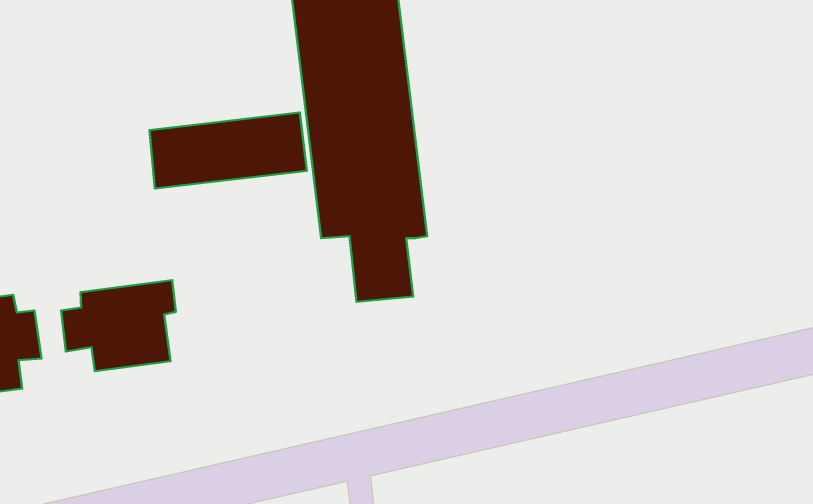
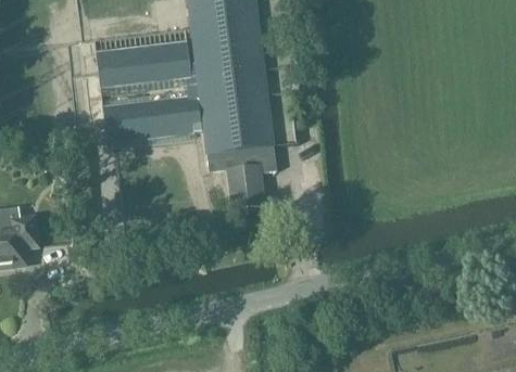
building: none -> [97,42,190,88]
building: [61,280,176,371] -> none

